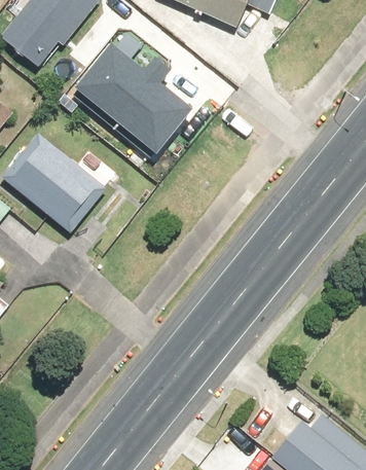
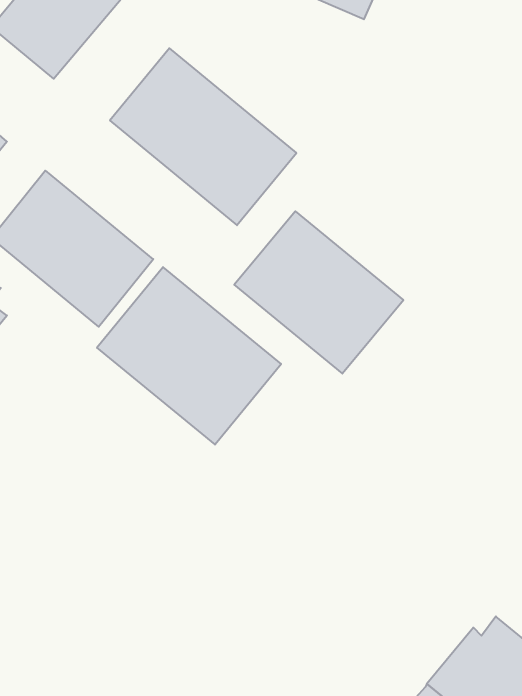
building: none -> [234,211,403,374]
building: none -> [97,267,281,445]

